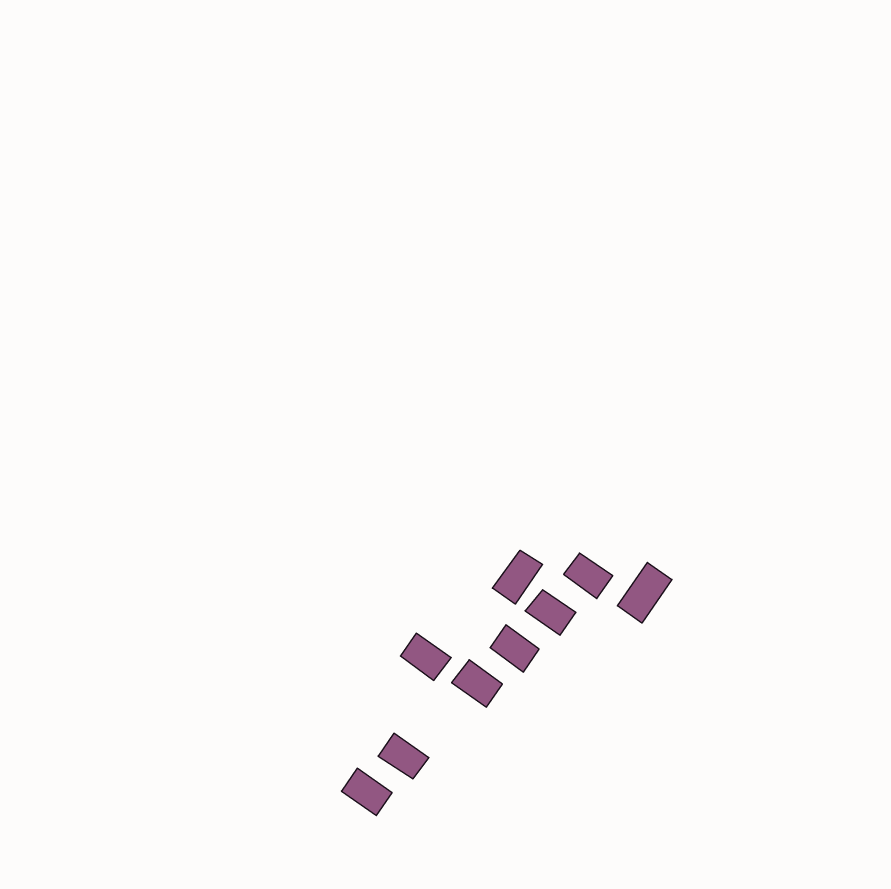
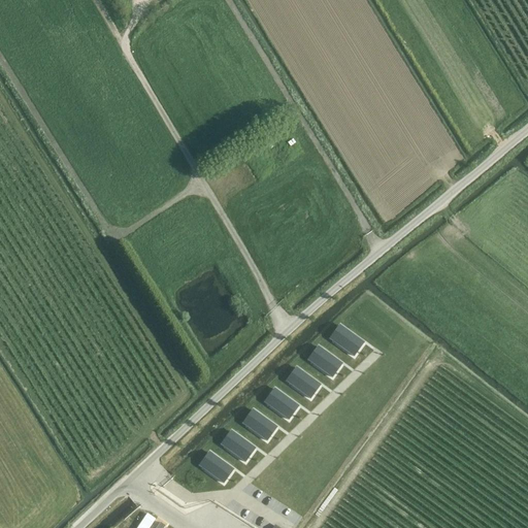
building: [492,550,543,604] -> none
building: [617,562,672,623] -> none
building: [400,633,451,680] -> [244,410,274,438]

